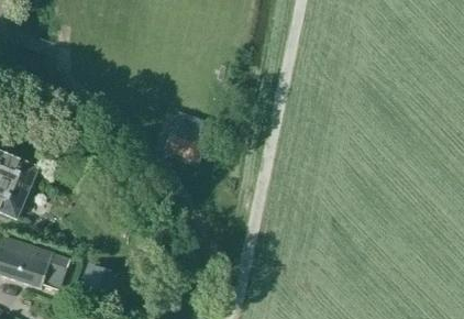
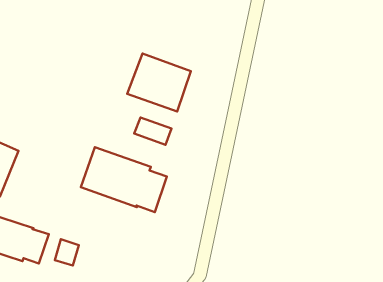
building: none -> [127,54,191,111]
building: none -> [81,147,167,212]

